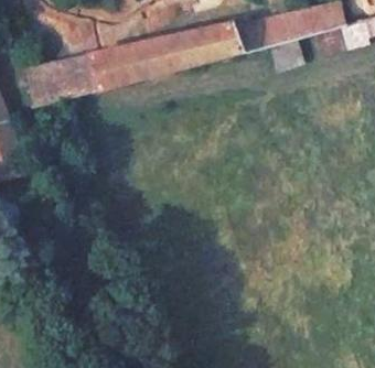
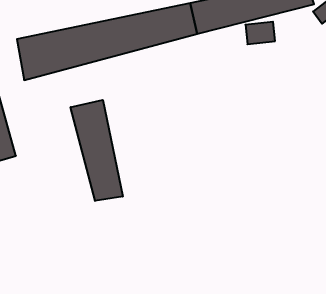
building: none -> [71,100,123,201]

